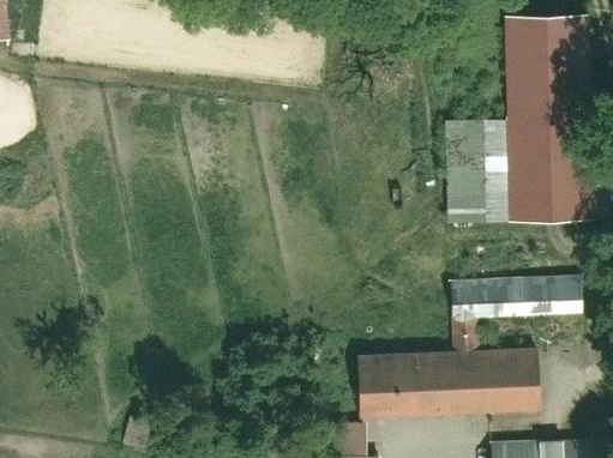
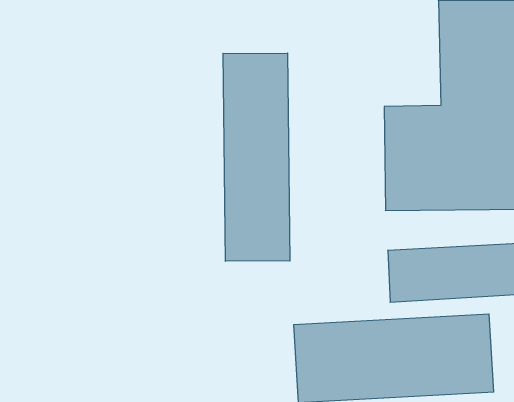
building: none -> [223,53,290,261]

